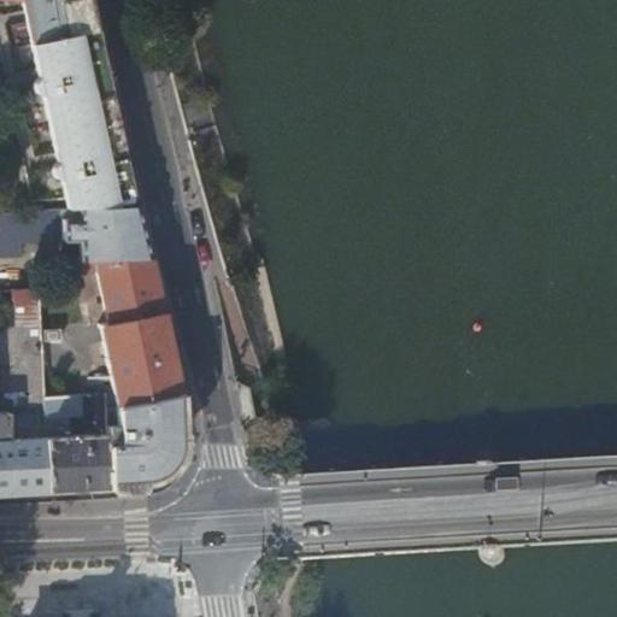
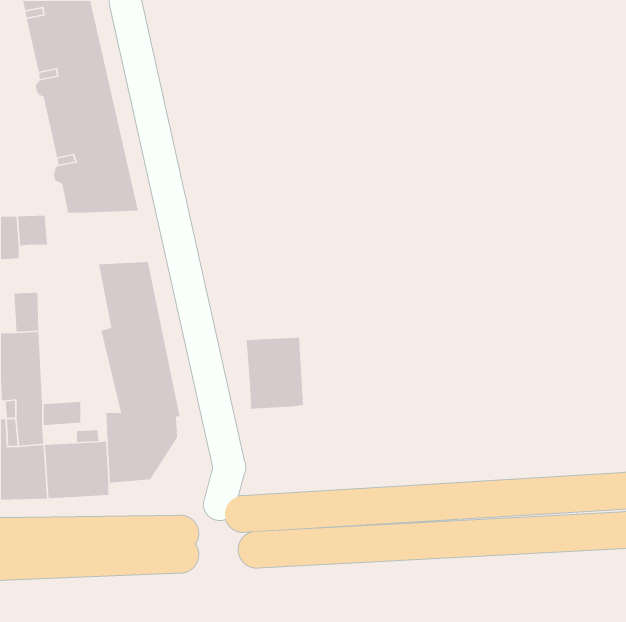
building: [61,212,148,264] -> none
building: none -> [246,337,304,409]

